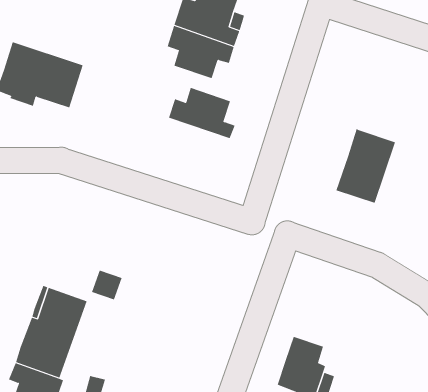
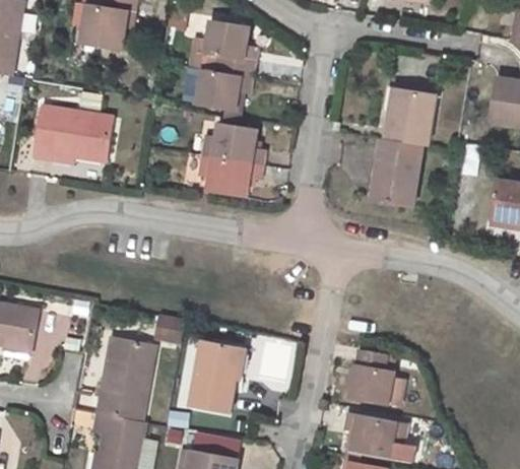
building: none -> [385,84,437,145]
building: none -> [199,156,264,199]
building: none -> [190,342,241,413]

